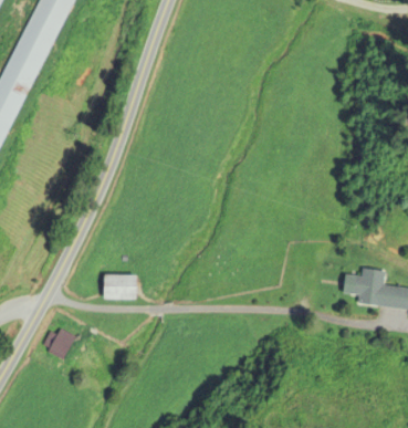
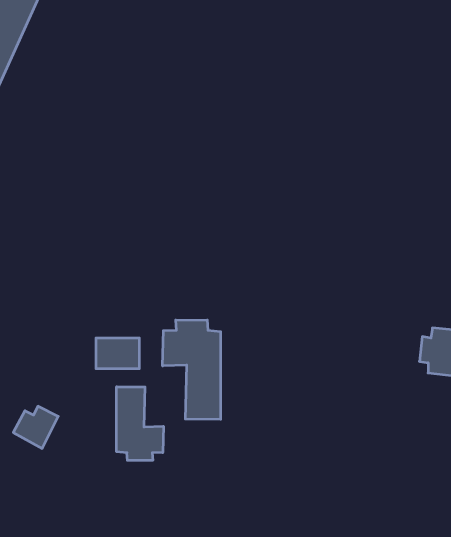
building: none -> [163,320,221,419]
building: none -> [117,387,163,460]

